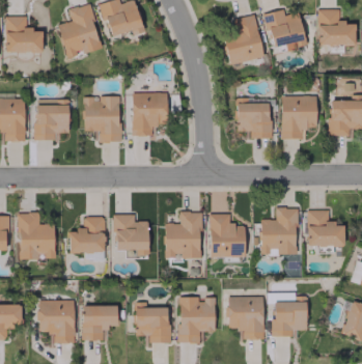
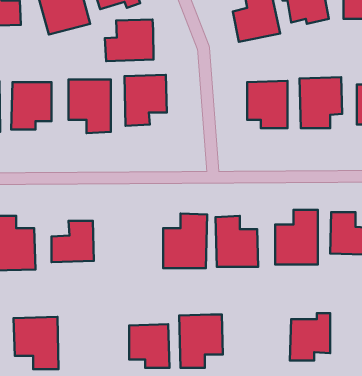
building: none -> [105,20,153,61]
building: [115,215,149,257] -> none
building: [227,296,264,340] -> none
building: [82,305,118,341] -> none

